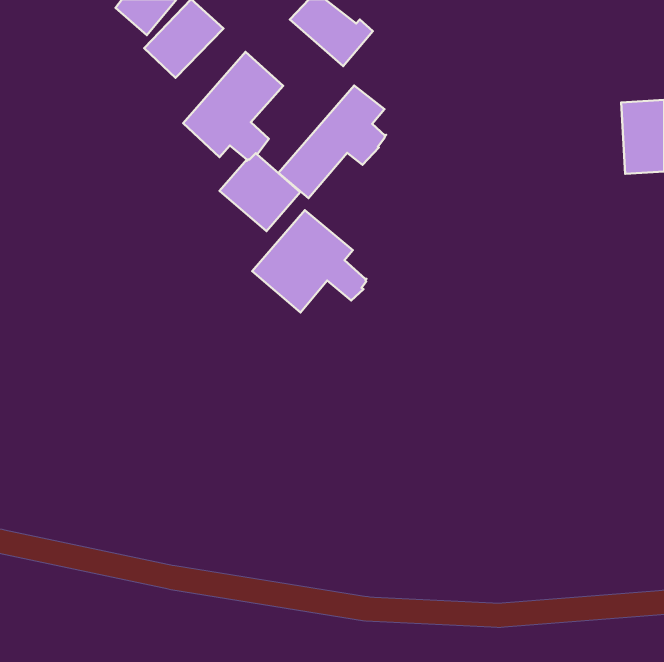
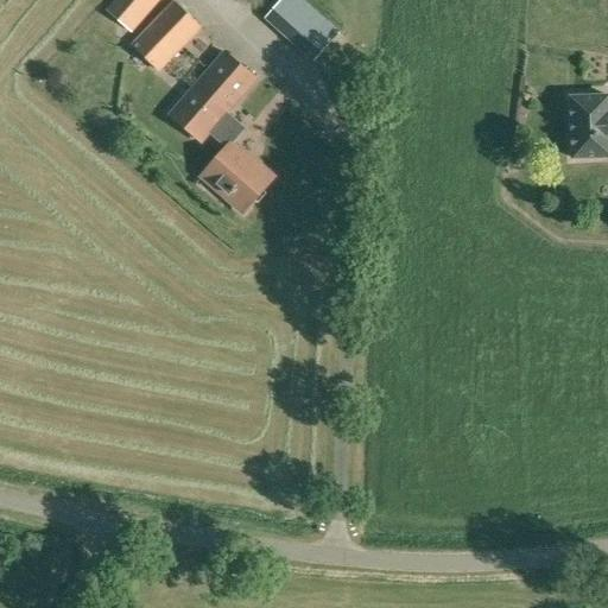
building: [278,86,386,198] -> none
building: [252,210,367,312] -> none

